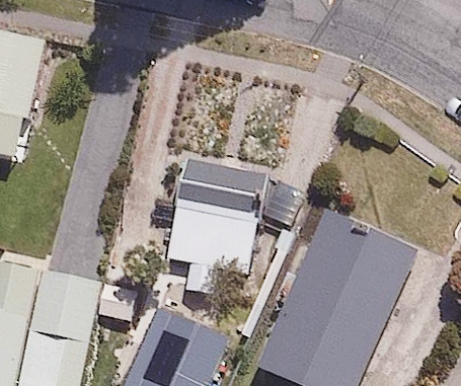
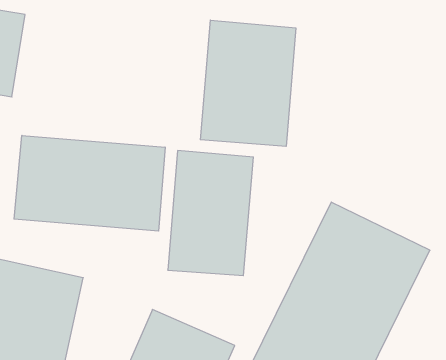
building: none -> [200,20,296,146]
building: none -> [14,135,165,231]

